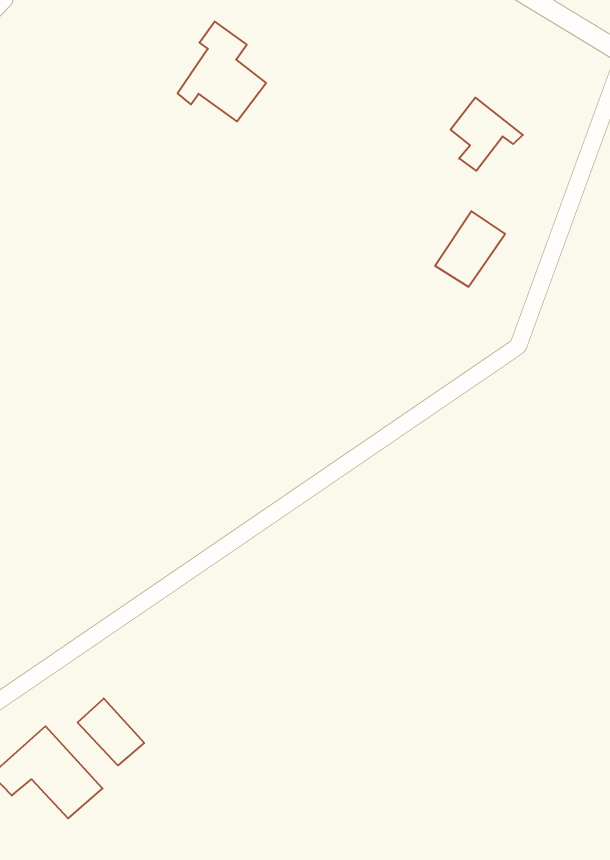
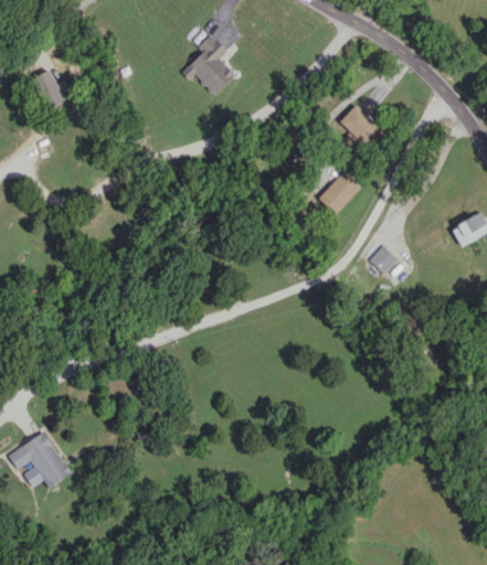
building: none -> [369,245,398,275]
building: [78,698,144,765] -> none

